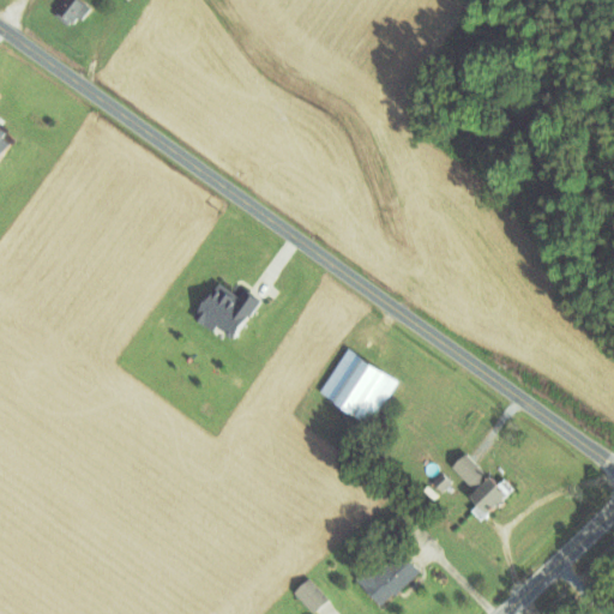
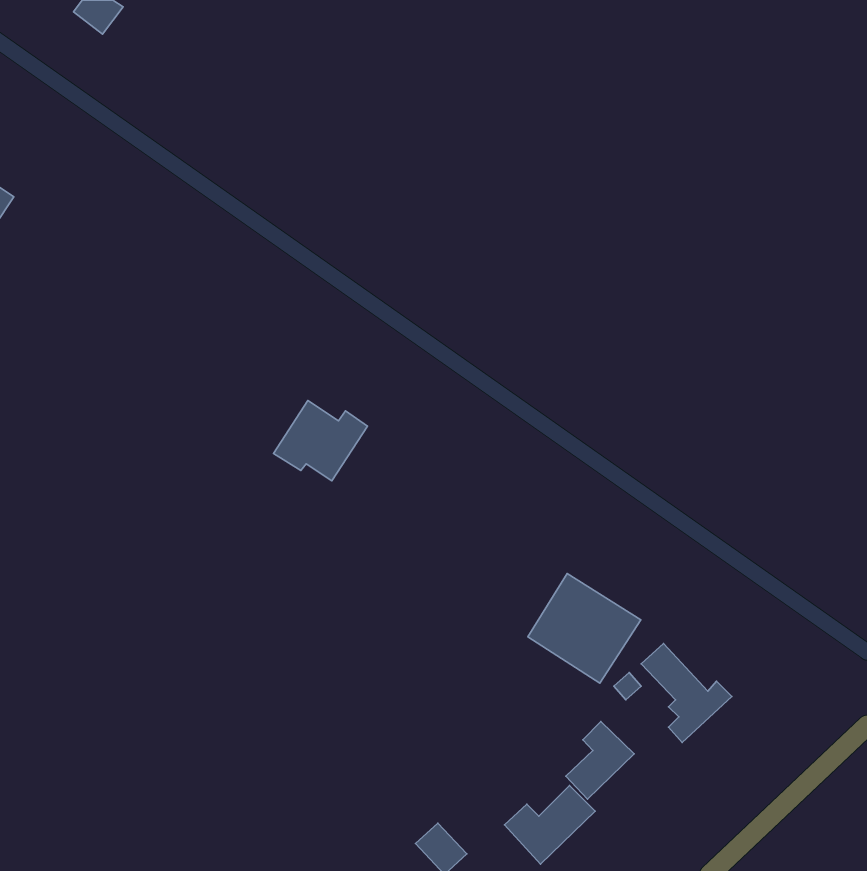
building: [318,349,397,426] -> [528,574,641,683]
building: none -> [566,722,634,799]

